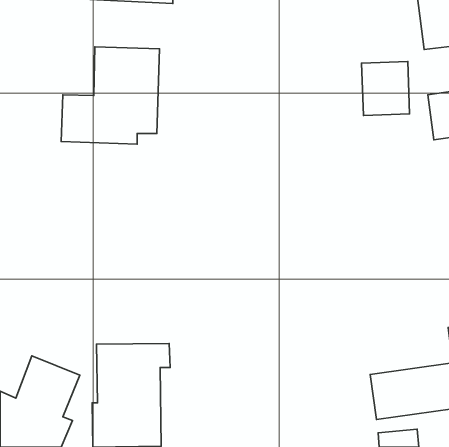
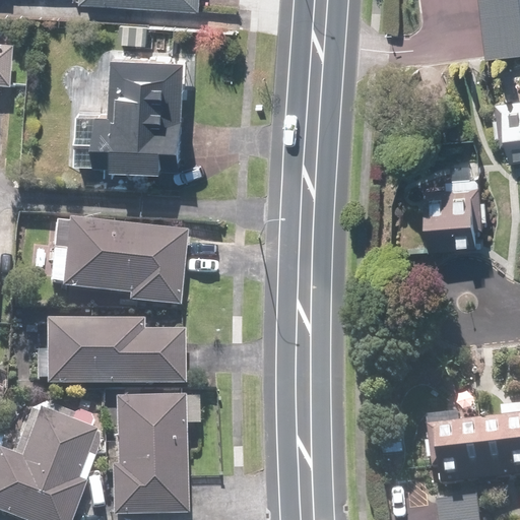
building: [362,61,409,115] -> [430,183,484,245]
building: none -> [51,221,185,302]
building: none -> [45,317,186,384]

